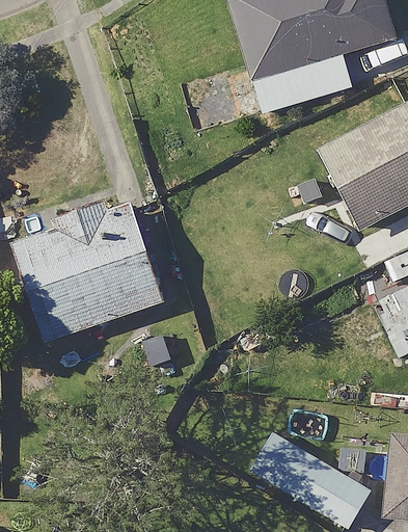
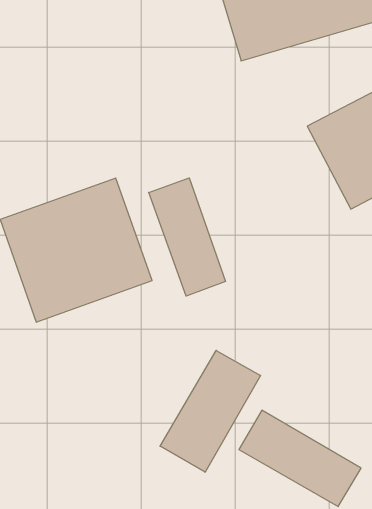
building: none -> [149,178,226,296]
building: none -> [160,350,261,472]

